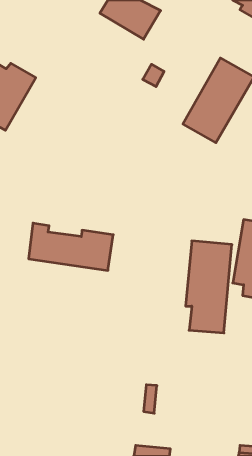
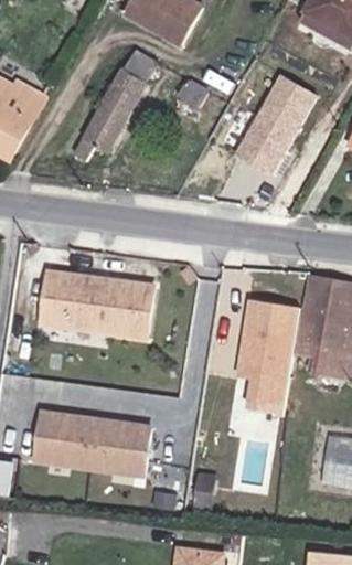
building: none -> [74,71,148,160]
building: none -> [29,408,150,475]

